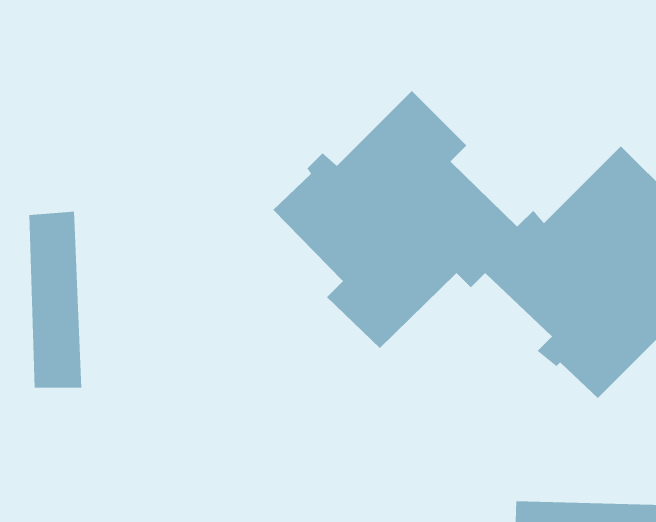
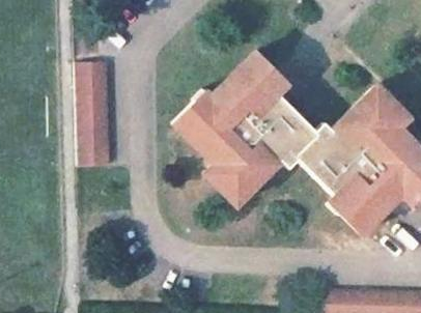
building: [29,211,82,388] -> [79,61,110,164]

